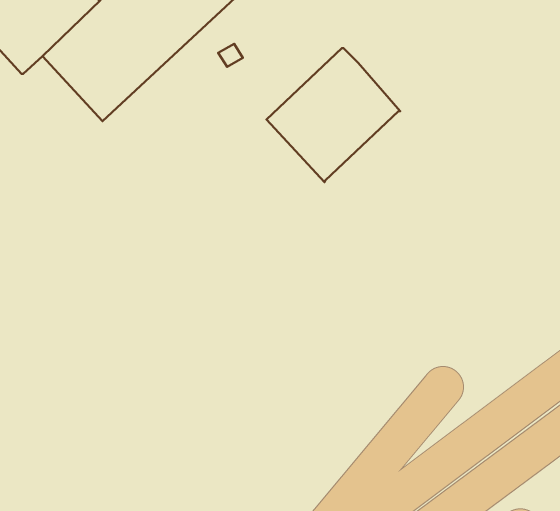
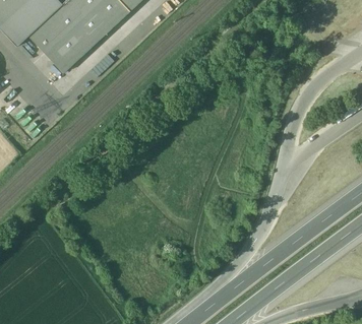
building: [266,48,400,182] -> none

